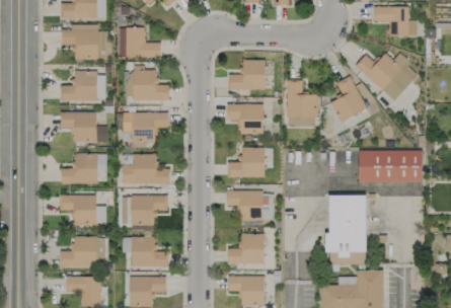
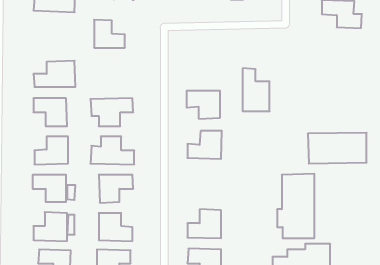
building: [61,25,105,60] -> none
building: [354,52,417,101] -> none
building: [228,60,265,90] -> none
building: [132,65,169,101] -> none
building: [329,76,365,123] -> none
building: [226,190,273,221] -> none

